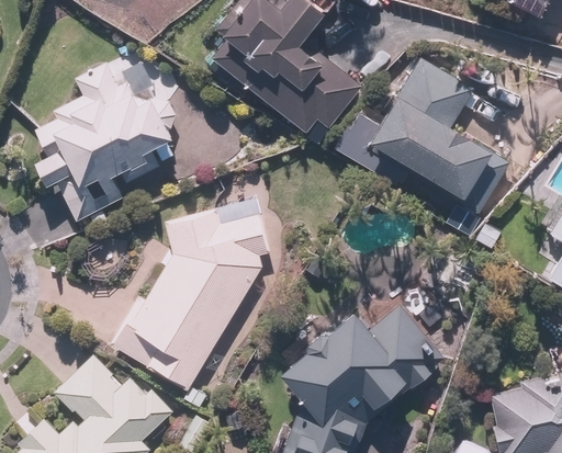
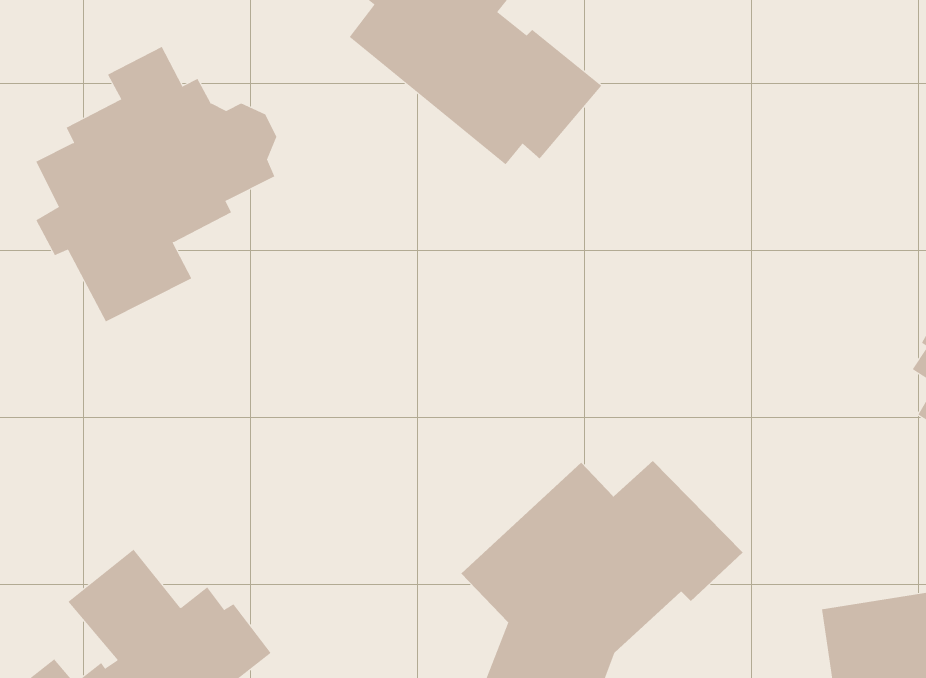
building: [367,57,496,206] -> none
building: [112,199,268,395] -> none

